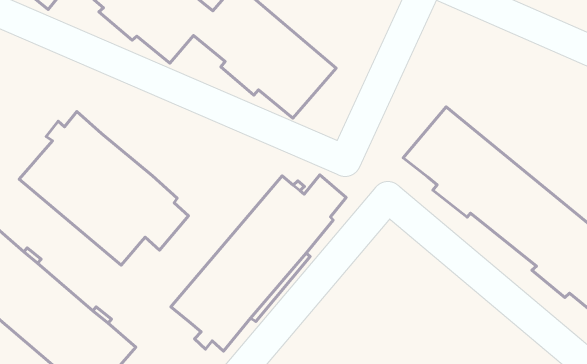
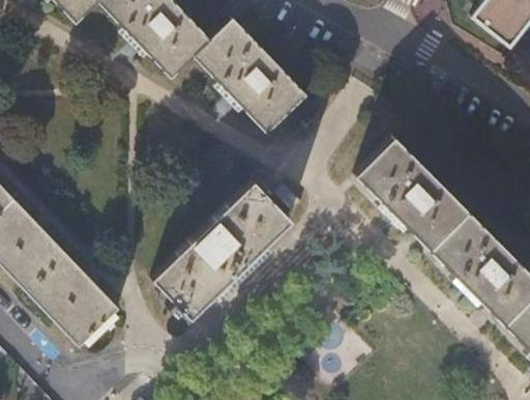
building: [19,112,188,265] -> none

